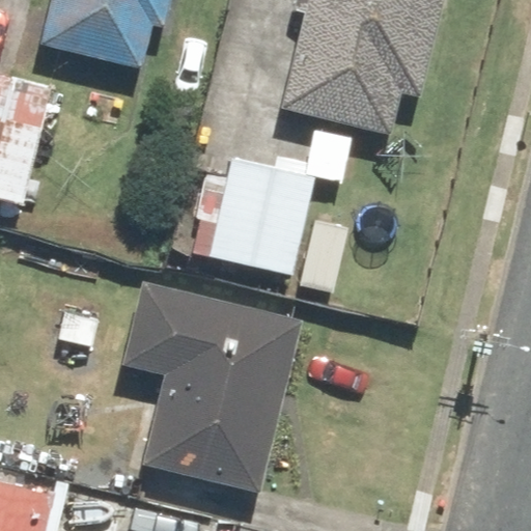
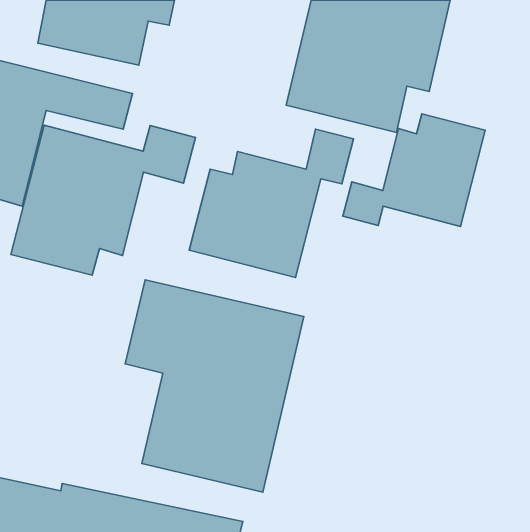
building: none -> [343,114,485,226]
building: none -> [11,125,195,275]

